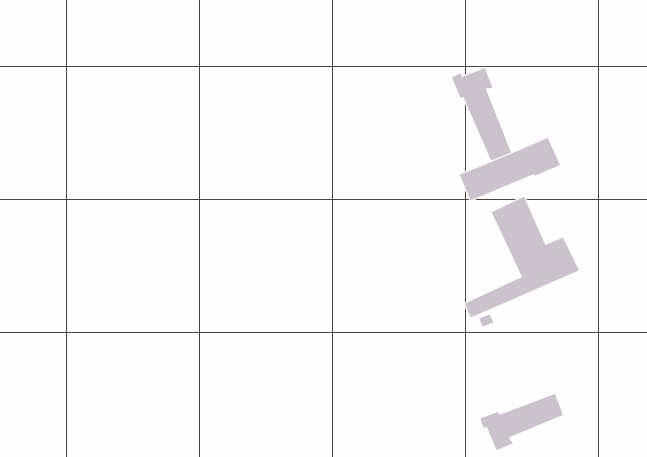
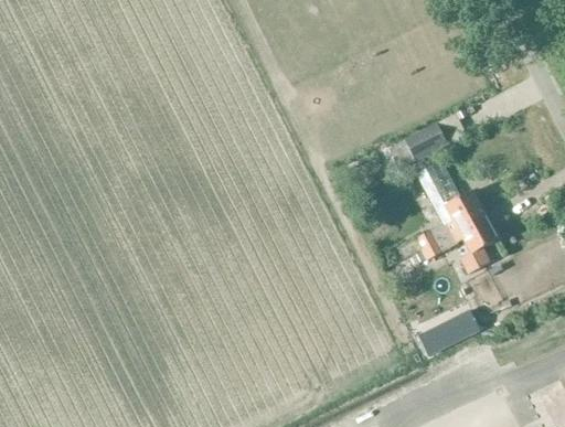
building: [451,67,512,162] -> none
building: none -> [422,215,499,274]

